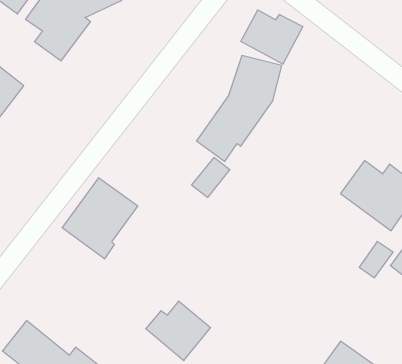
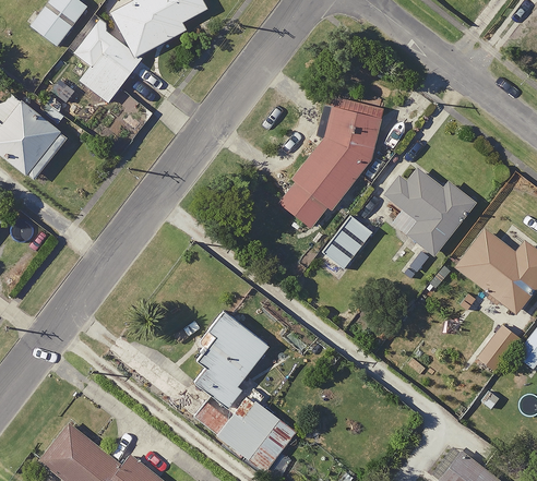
building: [241,10,303,64] -> none
building: none -> [385,166,474,255]
building: [192,157,230,197] -> [325,219,372,268]
building: [62,178,138,259] -> [177,309,270,408]

